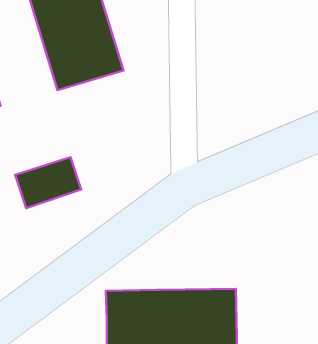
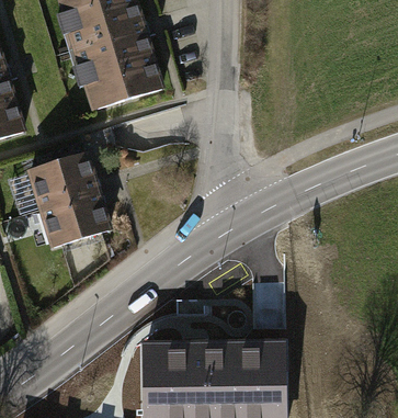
building: none -> [27,151,101,208]

